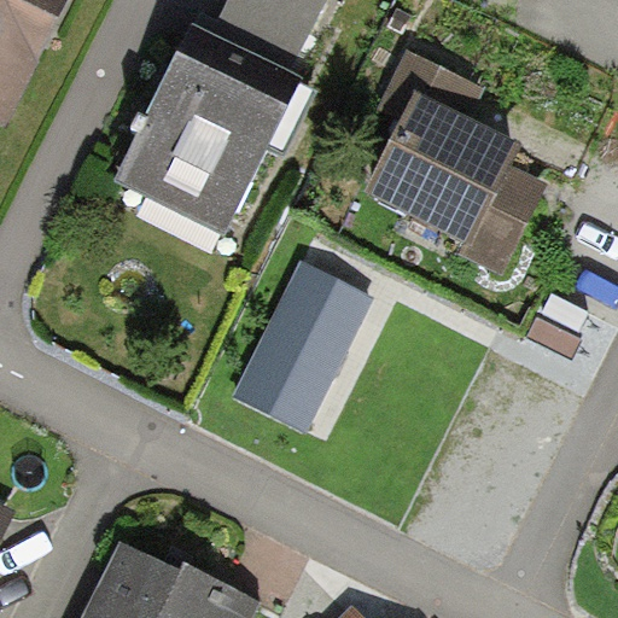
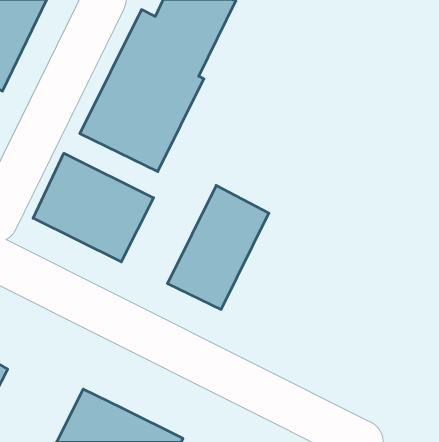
building: [360,47,546,279] -> none
building: none -> [33,153,154,262]

